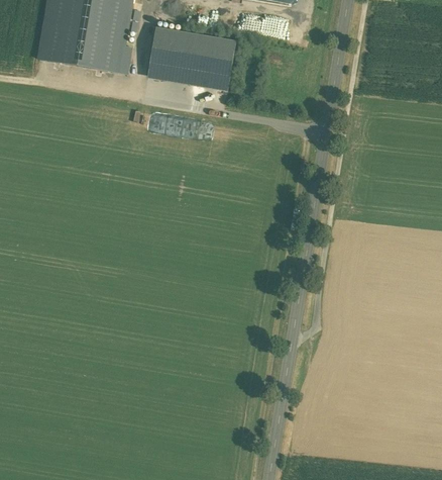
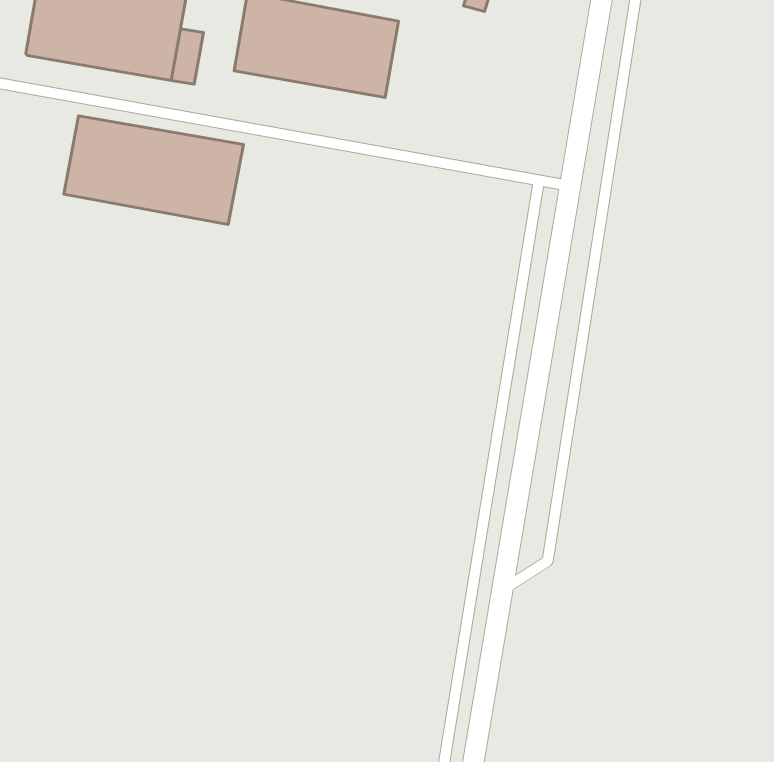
building: none -> [64,116,243,225]

